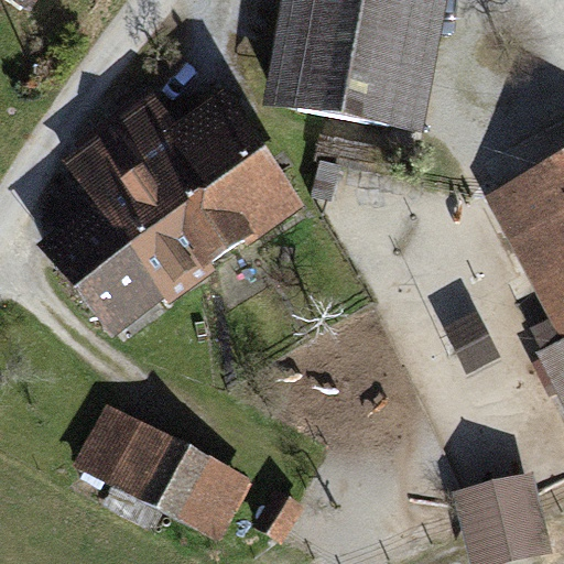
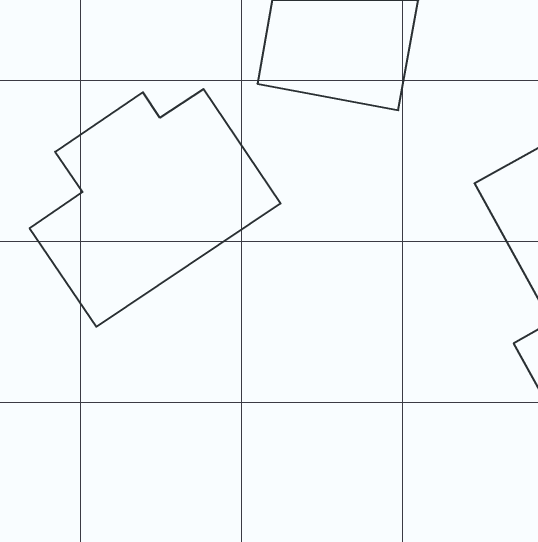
building: [108,422,248,536] -> none
building: [469,487,550,556] -> none

